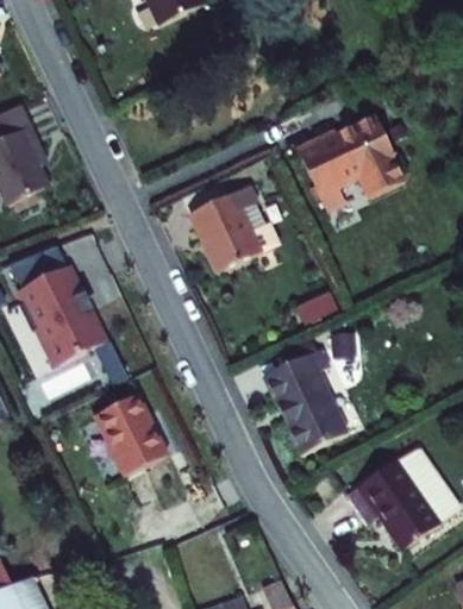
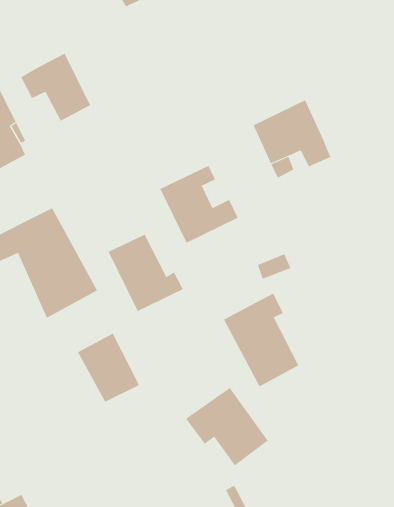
building: none -> [20,53,91,122]
building: none -> [108,234,184,312]
building: [352,453,449,545] -> [185,387,268,466]

